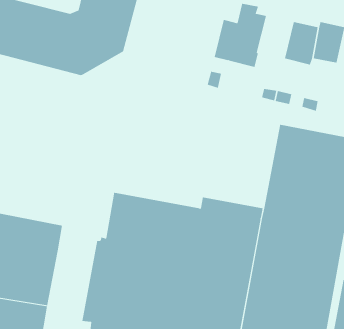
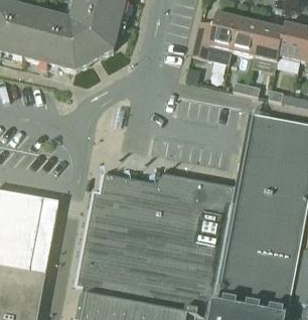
building: none -> [229,18,261,55]

